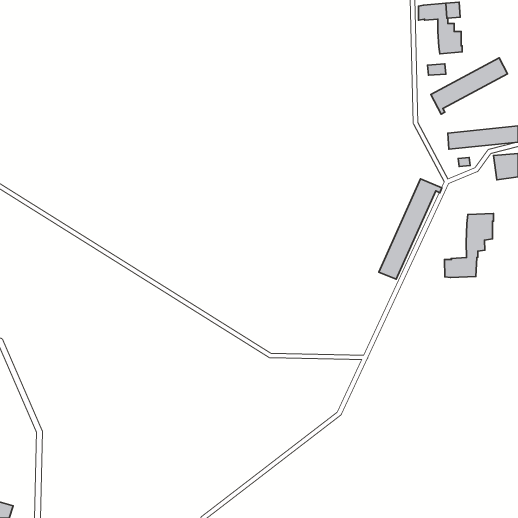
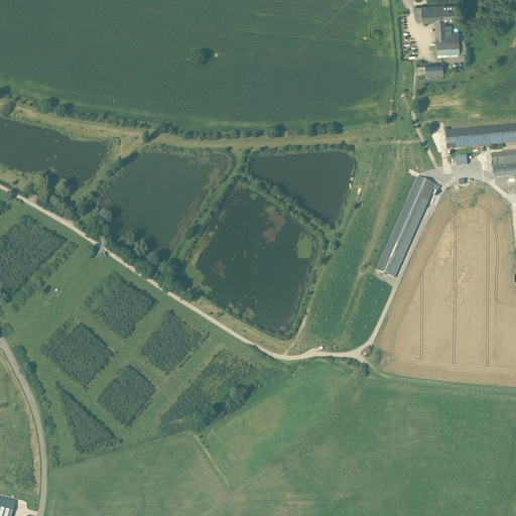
building: [431,58,507,114] -> none
building: [444,214,493,277] -> none

